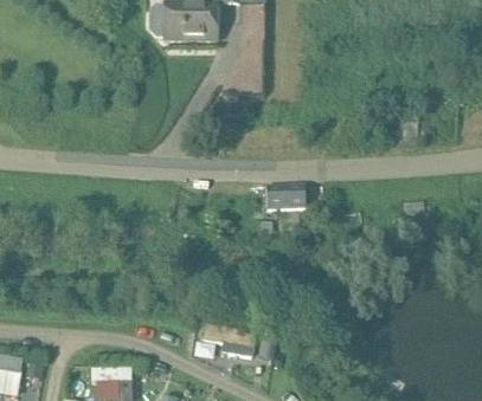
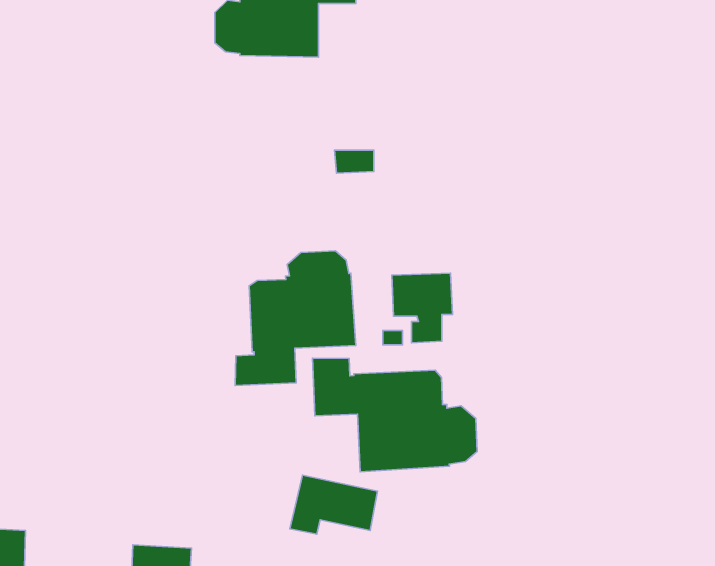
building: none -> [235,251,356,385]
building: none -> [312,358,477,472]

